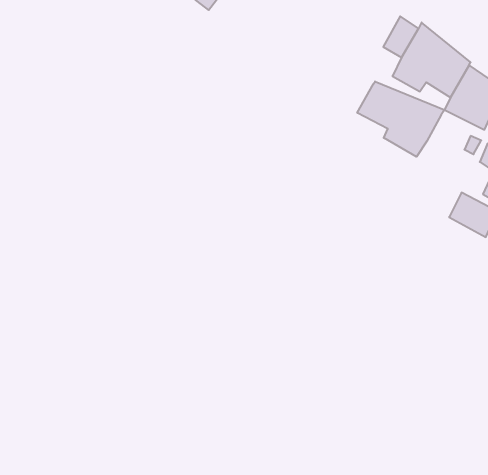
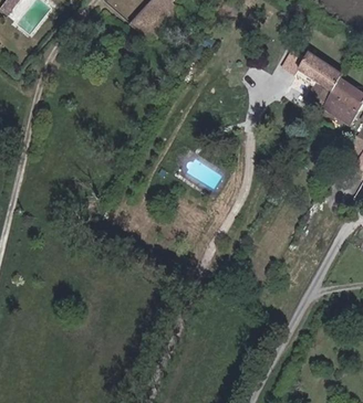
building: [357,81,445,157] -> none

